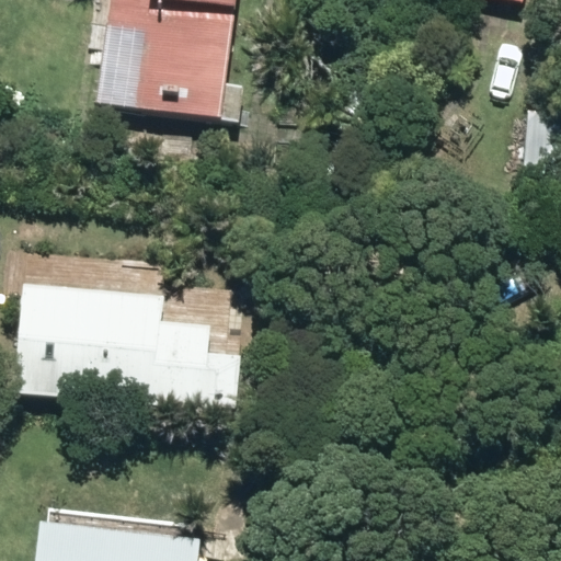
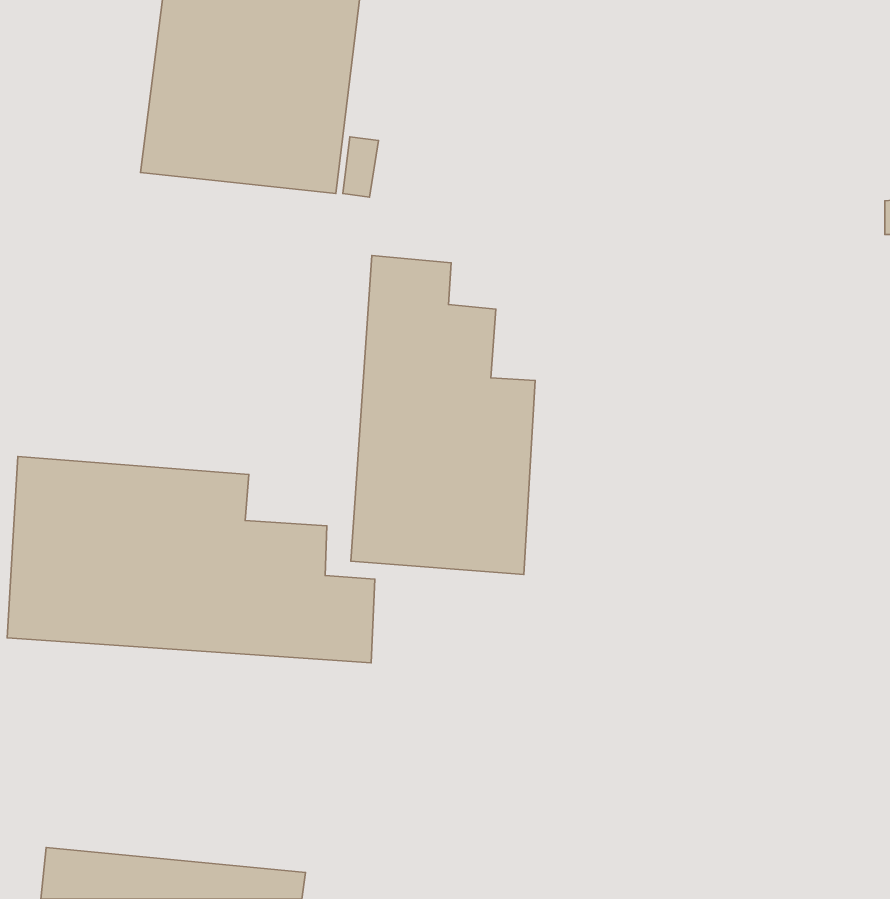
building: none -> [351,256,535,575]

